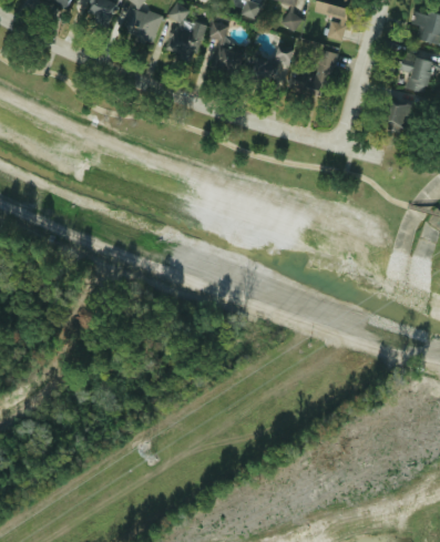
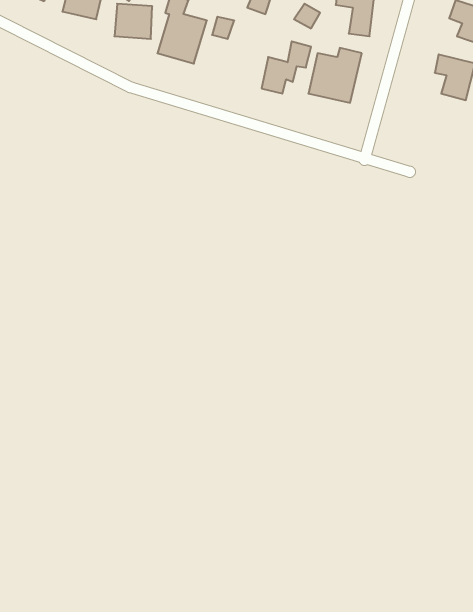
building: [214,47,244,74] -> none
building: [386,104,417,127] -> none

